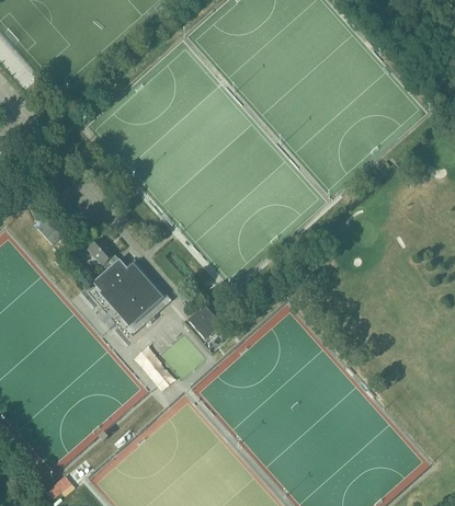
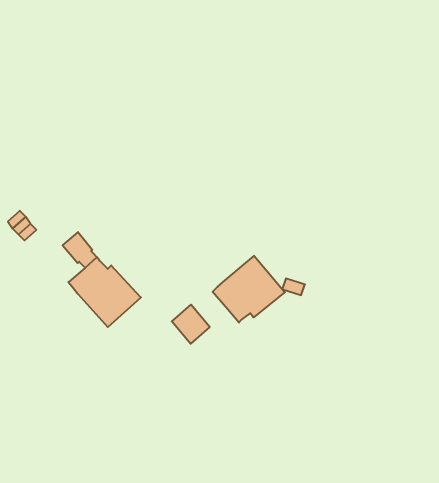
building: none -> [213,256,285,323]

